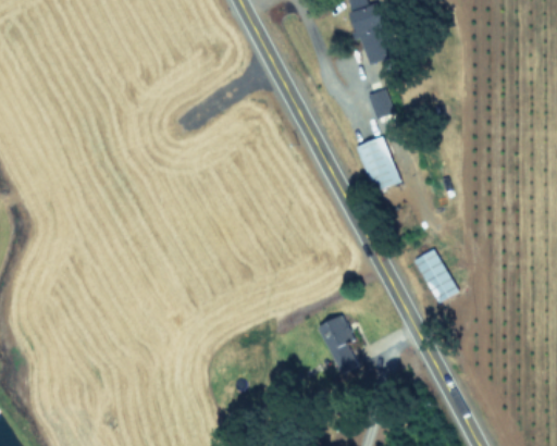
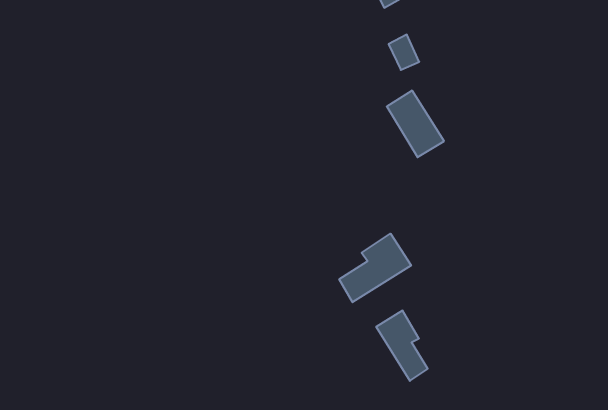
building: [417,249,456,303] -> none
building: none -> [339,234,411,302]

